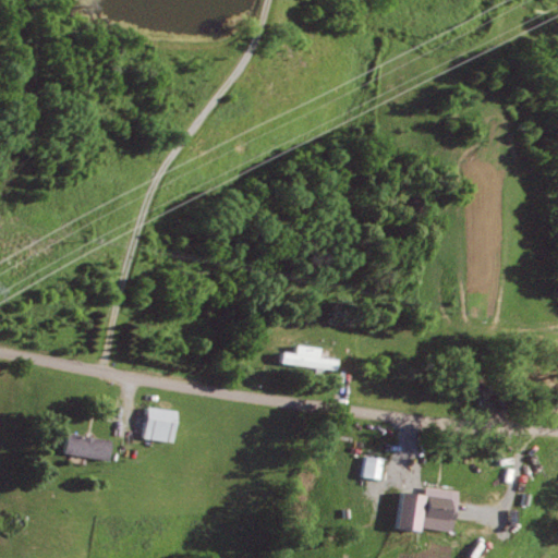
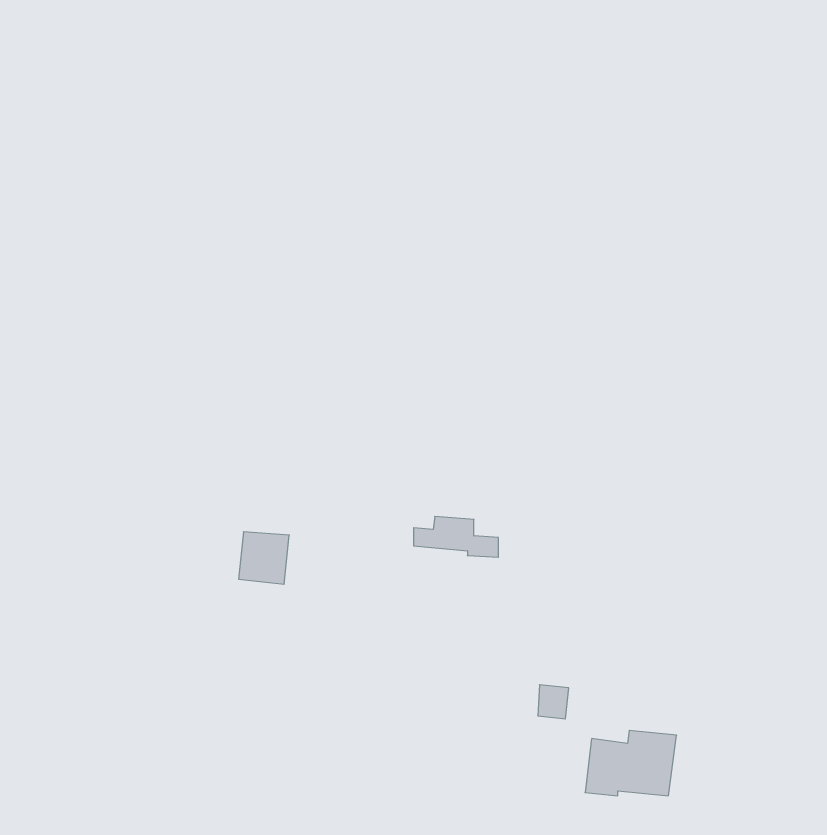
building: [144,408,178,442] -> [239,532,289,584]
building: [63,433,112,462] -> none

